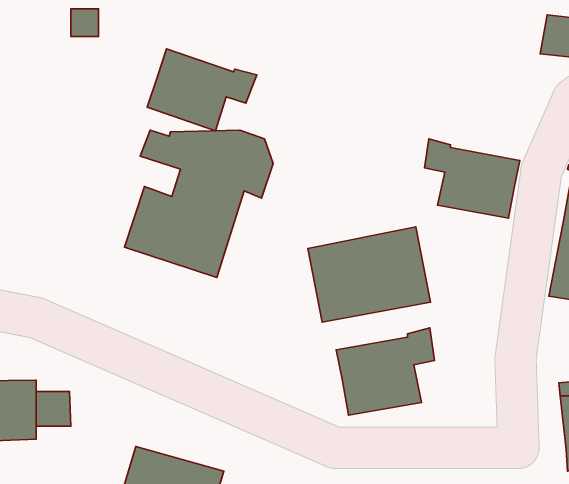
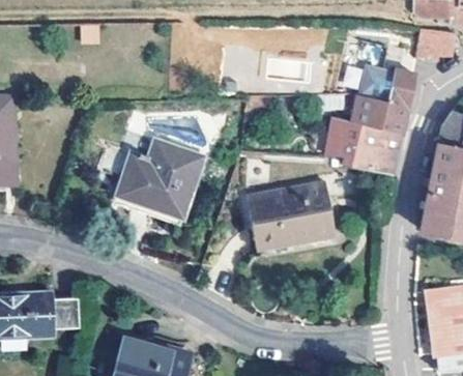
building: [147,49,257,131] -> none
building: none -> [350,64,413,135]
building: [336,328,434,415] -> none

